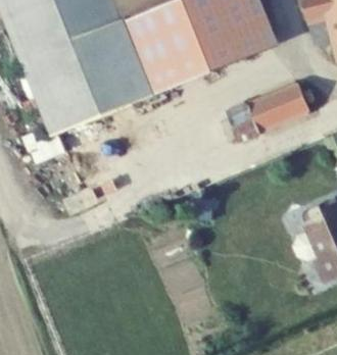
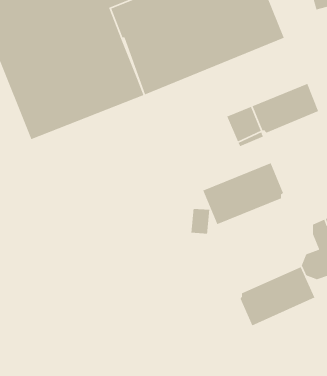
building: none -> [202,162,284,225]
building: none -> [239,266,316,327]

